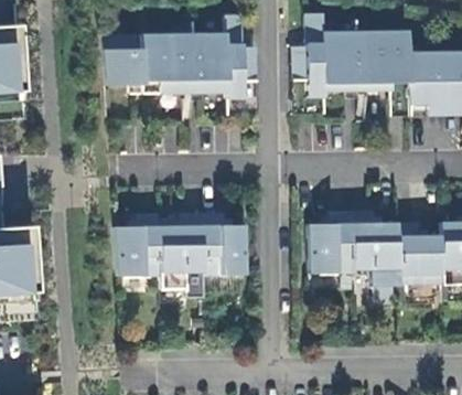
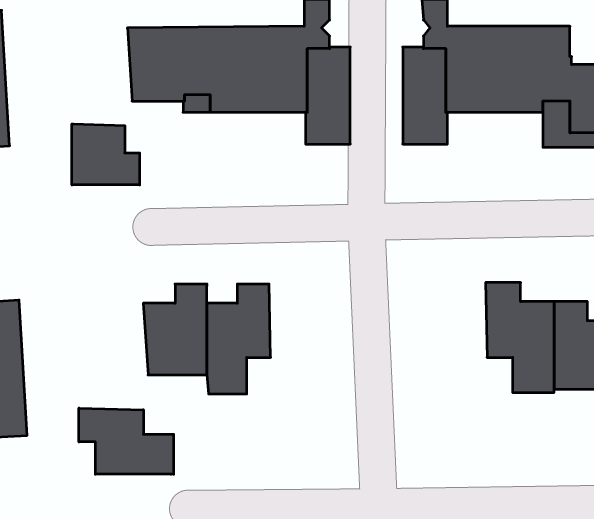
building: none -> [72,124,140,185]
building: [310,211,353,274] -> none
building: [202,212,246,275] -> none
building: none -> [79,408,174,474]

